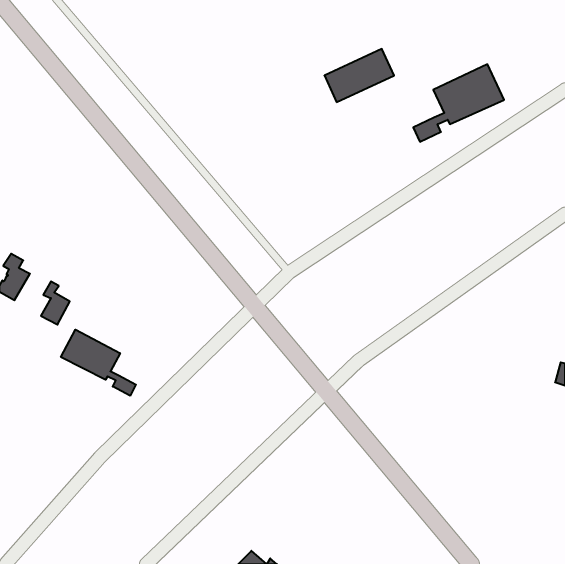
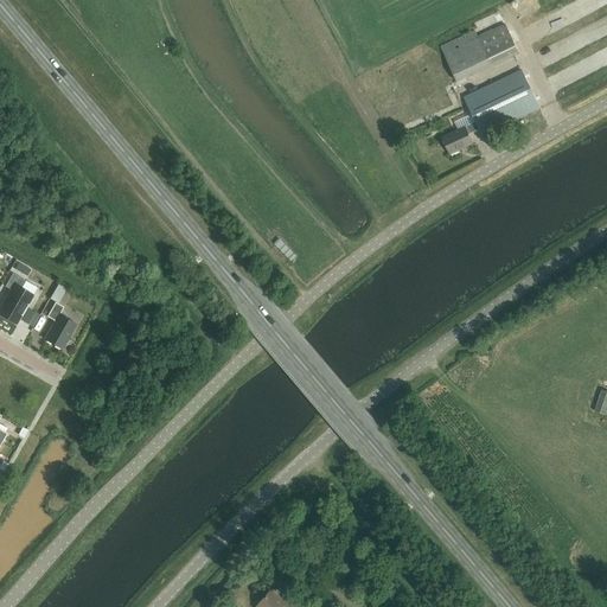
building: [324,49,394,102] -> [443,23,518,79]
building: [61,330,136,396] -> none

